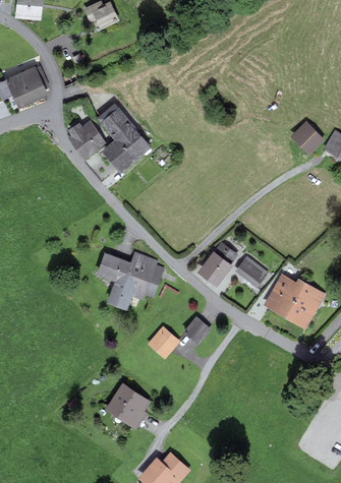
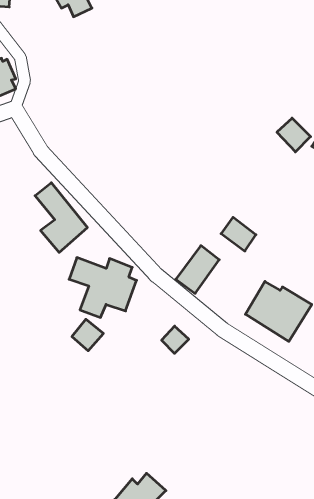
building: [100,104,149,169] -> [35,183,87,252]
building: [70,121,105,156] -> none
building: [237,255,270,287] -> [221,217,256,251]
building: [150,326,179,356] -> [72,319,103,351]
building: [105,383,151,428] -> none

